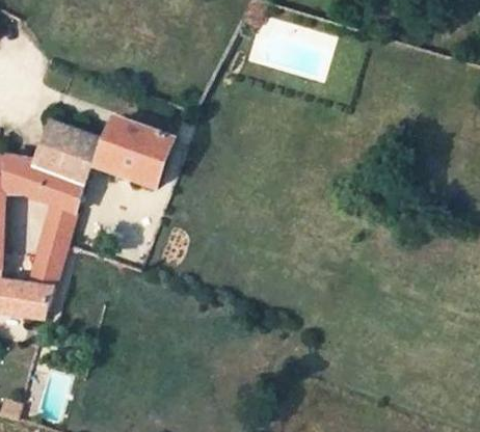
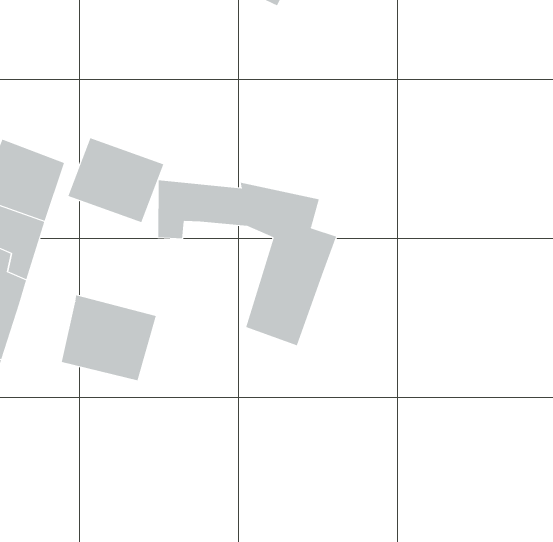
building: none -> [158,179,337,346]
building: none -> [61,294,156,381]

